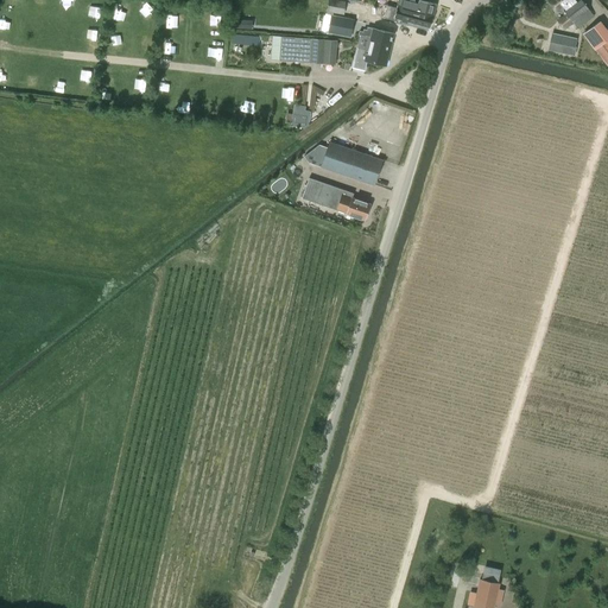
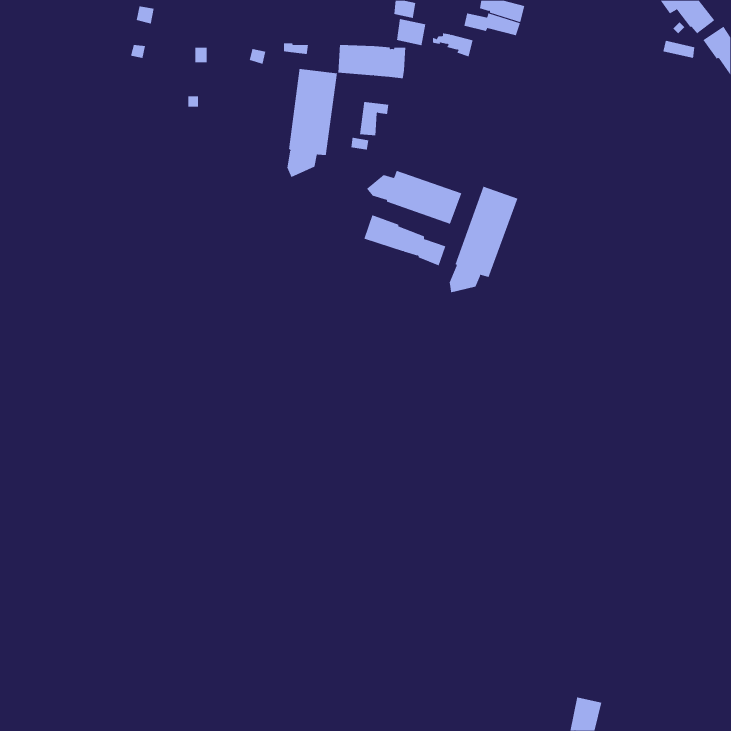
building: [353,39,390,71] -> none
building: none -> [287,68,338,178]
building: none -> [449,186,518,293]

